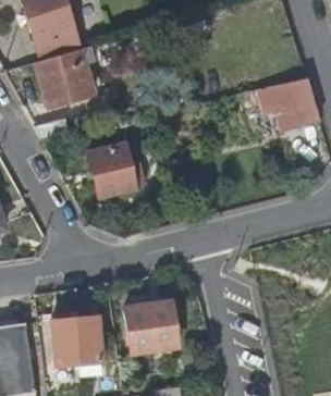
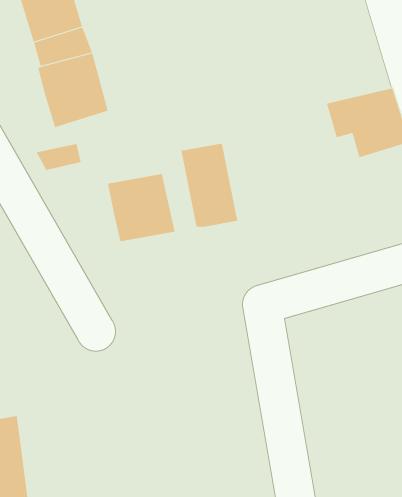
building: none -> [181,143,238,228]
building: [118,307,171,360] -> none
building: [47,322,97,373] -> none

